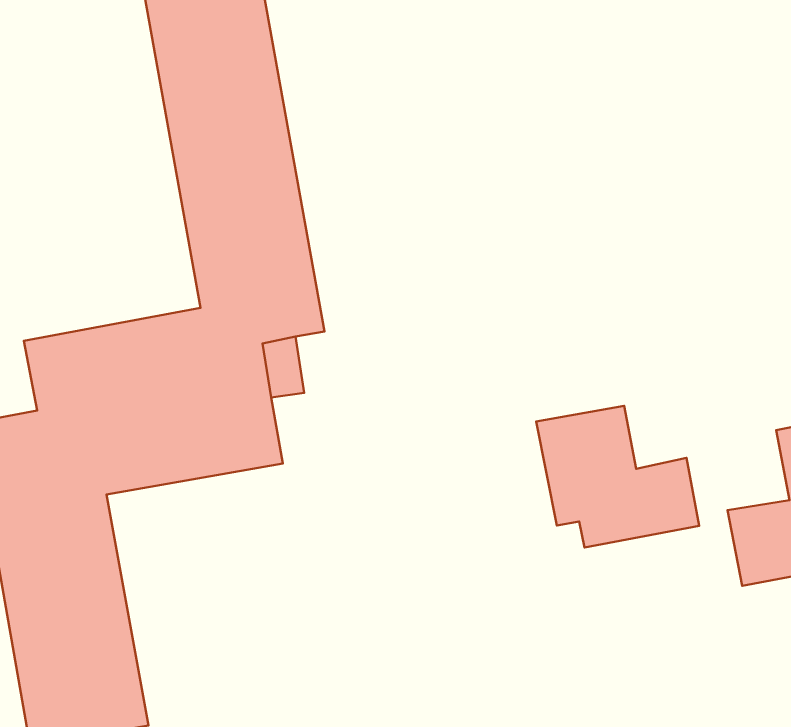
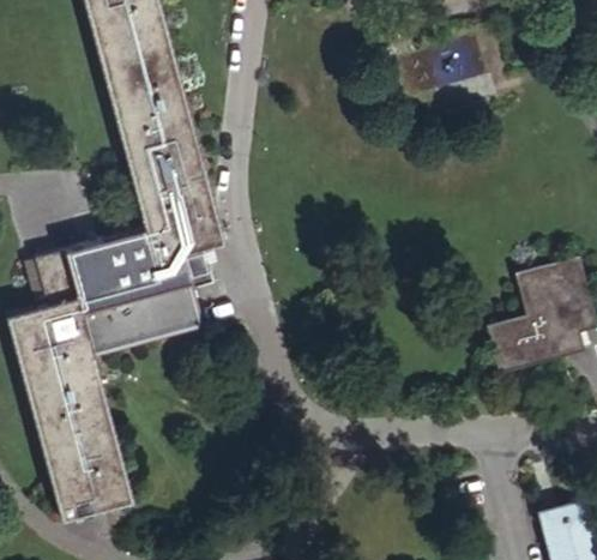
building: [536,406,699,548] -> none

